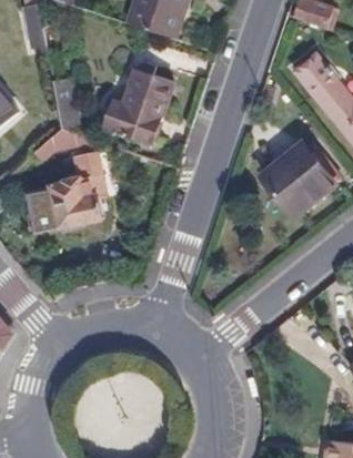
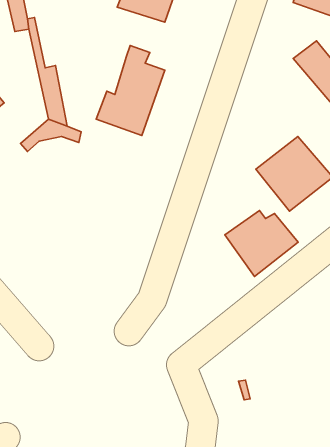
building: [28,154,104,231] -> none
building: none -> [225,211,298,276]

